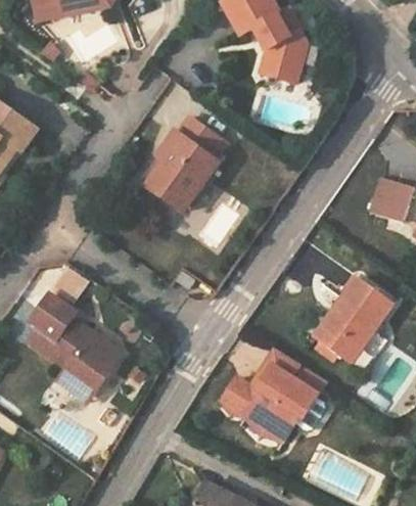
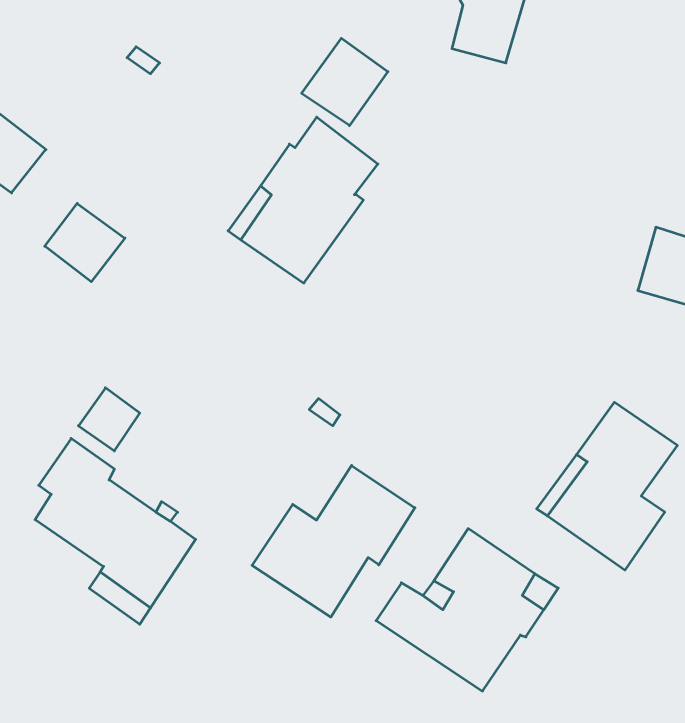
building: none -> [302,38,388,126]
building: none -> [45,203,125,282]
building: none -> [252,465,415,617]

